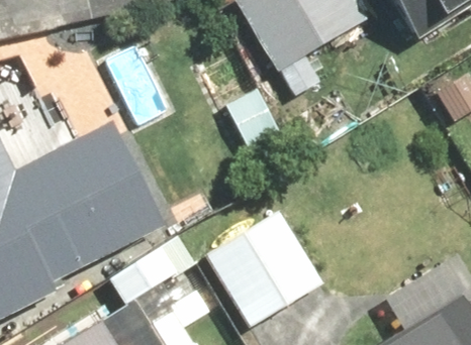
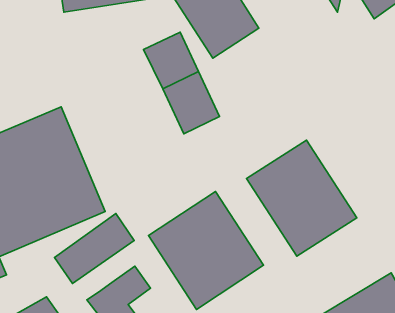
building: none -> [246,140,357,256]

